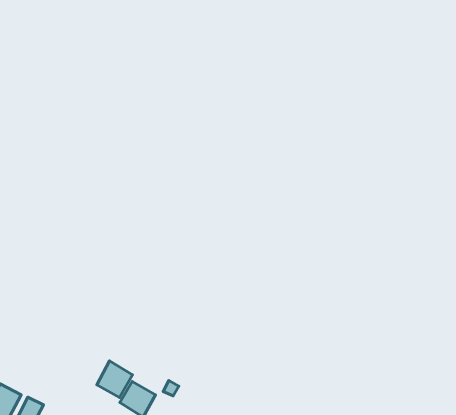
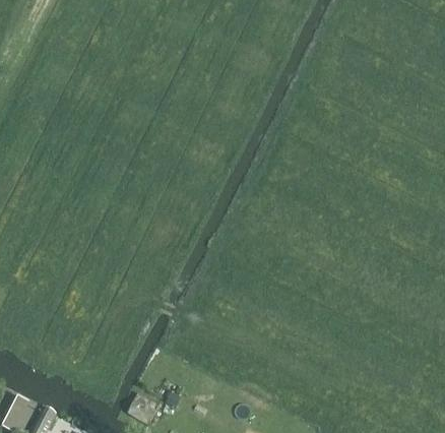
building: [97,361,133,398] -> none

